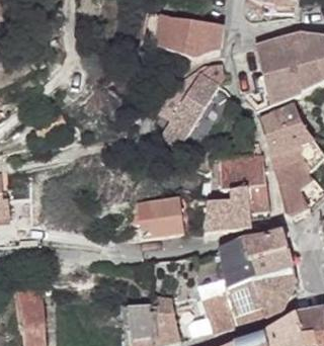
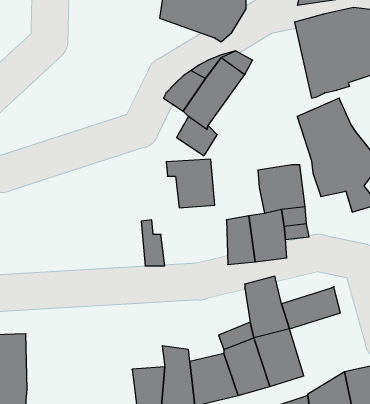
building: [276,175,307,218] -> none
building: [146,195,183,233] -> [166,159,215,208]
building: [241,231,285,262] -> none
building: [252,269,295,318] -> none

